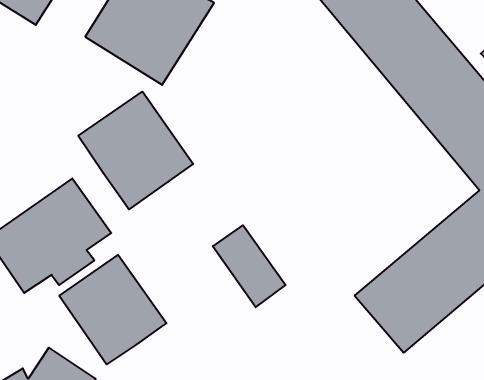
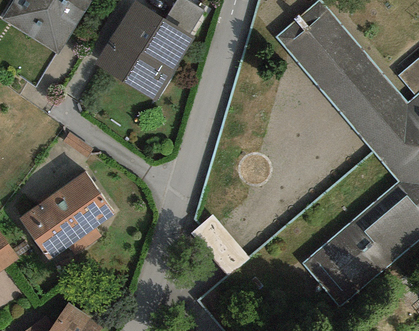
building: [78,92,193,209] -> none
building: [59,255,166,364] -> none

